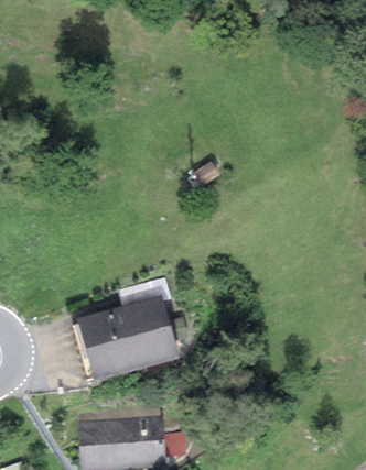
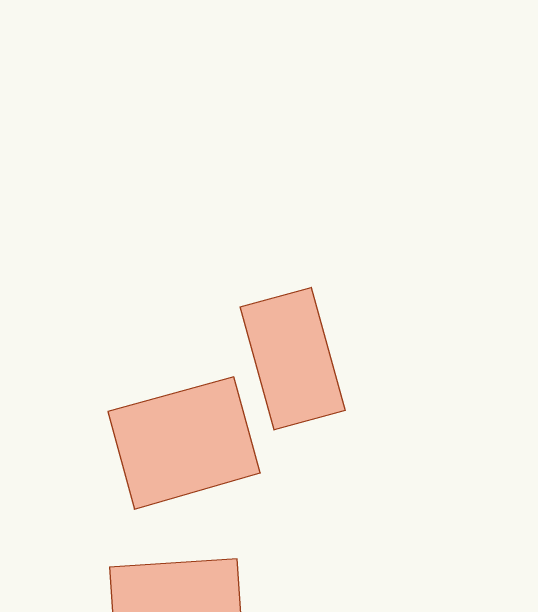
building: none -> [240,287,345,430]

